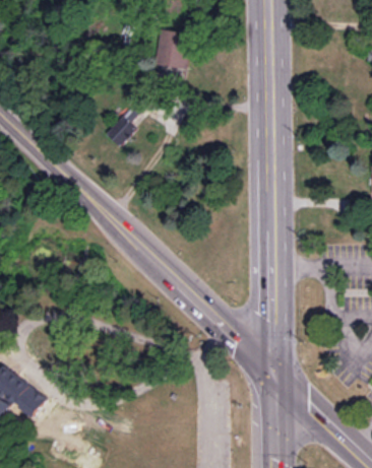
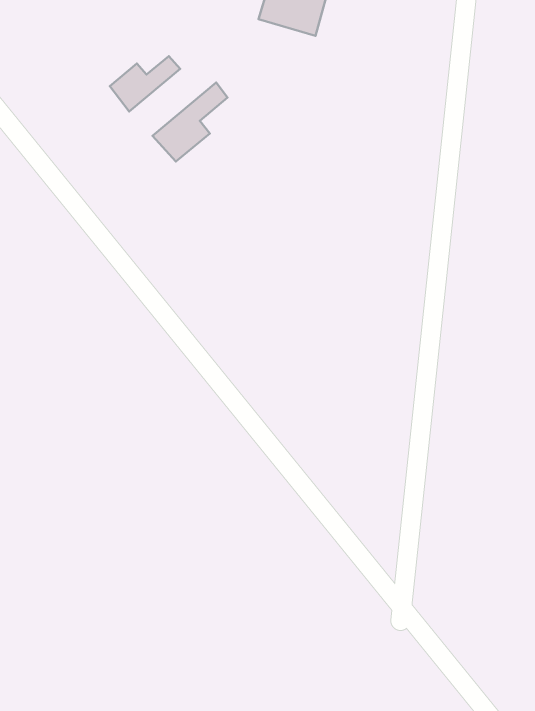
building: none -> [110,56,180,111]

